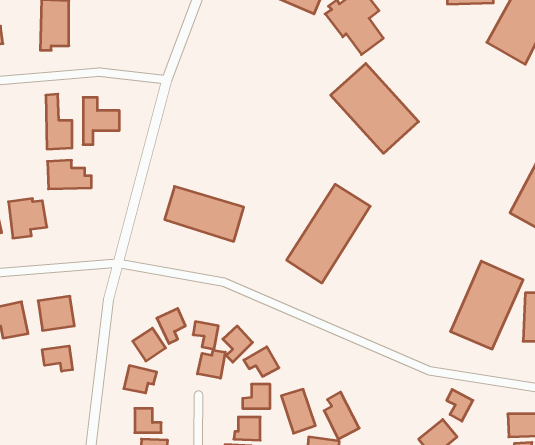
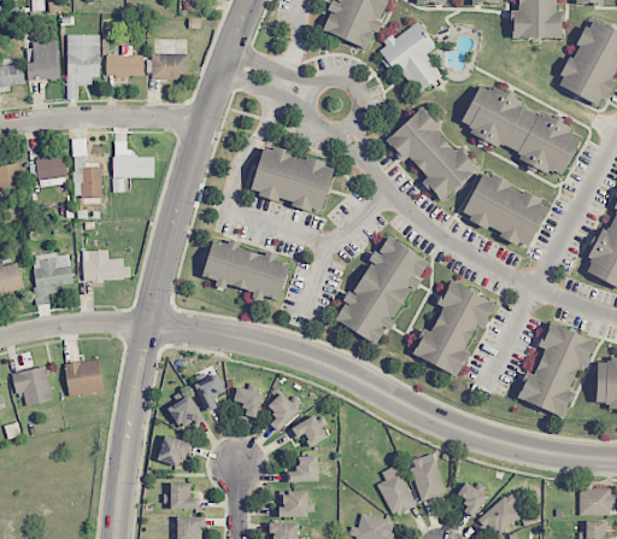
building: none -> [28,41,59,80]
building: none -> [106,46,143,77]
building: none -> [151,53,189,81]
building: none -> [460,81,582,180]
building: none -> [249,143,334,213]
building: none -> [30,158,66,178]
building: none -> [463,172,548,246]
building: [47,160,91,189] -> [82,250,130,281]
building: none -> [412,281,494,376]
building: [42,346,73,371] -> none
building: [197,350,225,378] -> none
building: [281,389,315,433] -> [409,453,446,502]
building: [447,389,473,421] -> [458,482,487,517]

